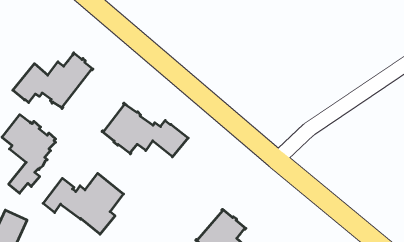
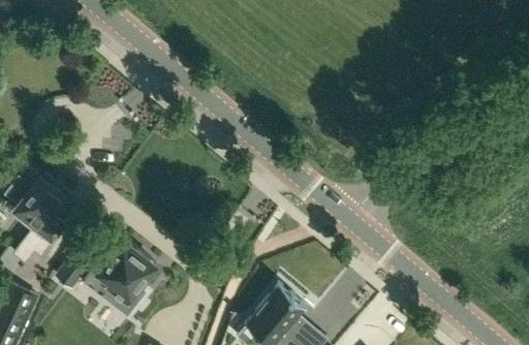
building: [13,53,93,109] -> none
building: [102,103,188,157] -> none

